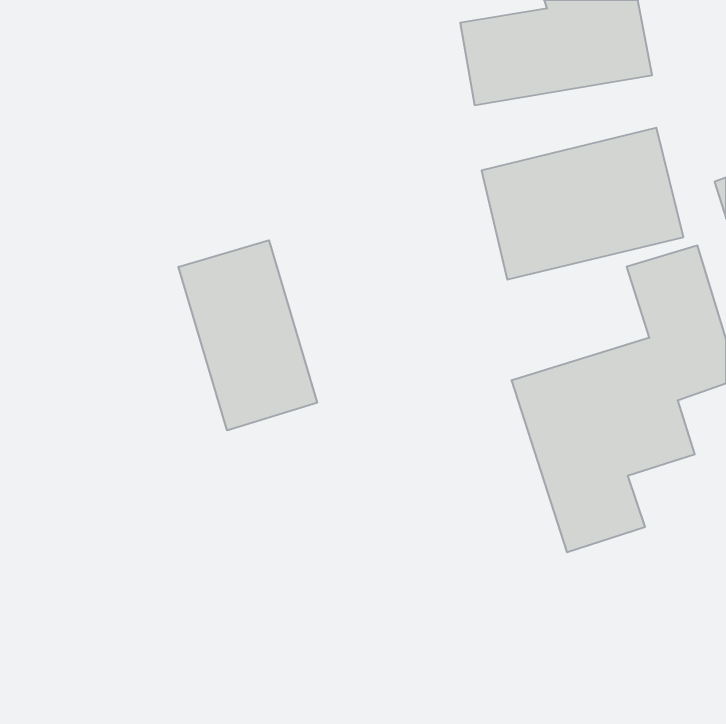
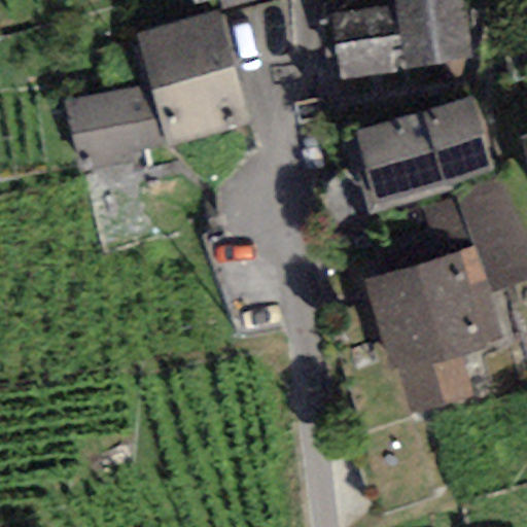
building: none -> [59,15,247,173]
building: [178,240,317,430] -> none

